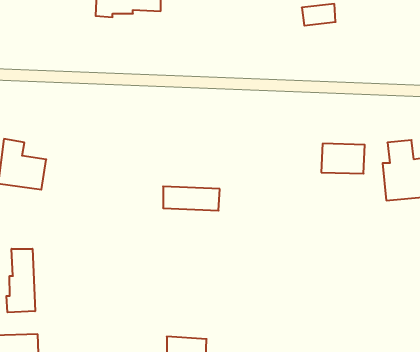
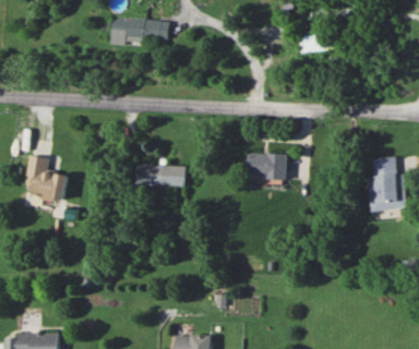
building: [321,144,365,174] -> [247,153,286,180]
building: [163,186,220,211] -> [134,164,185,185]
building: [6,249,35,312] -> none

